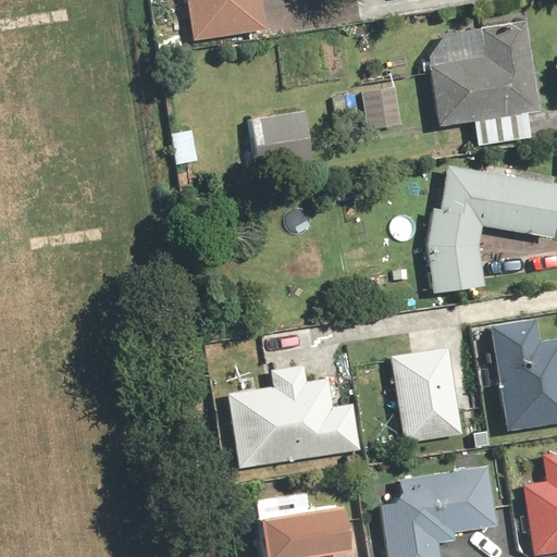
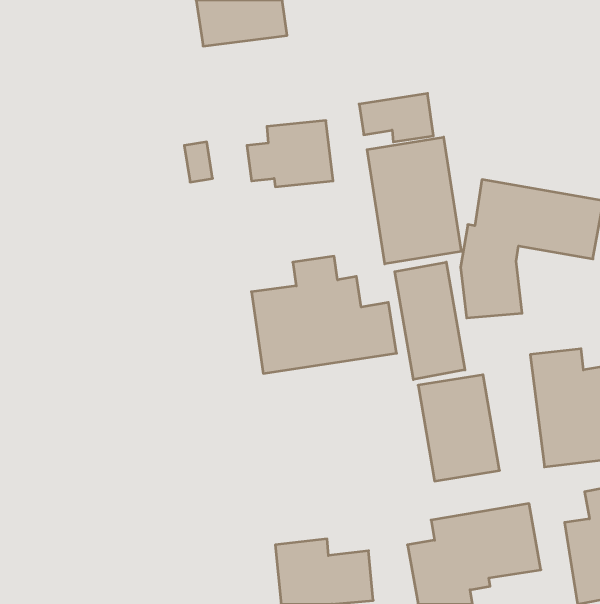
building: [428,17,541,144] -> none
building: none -> [367,137,461,264]
building: none -> [395,262,465,380]
building: [230,360,363,468] -> [251,256,397,373]

